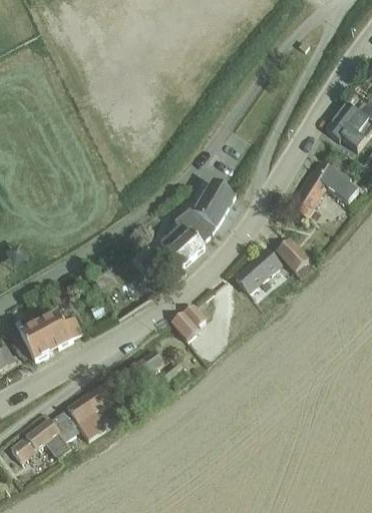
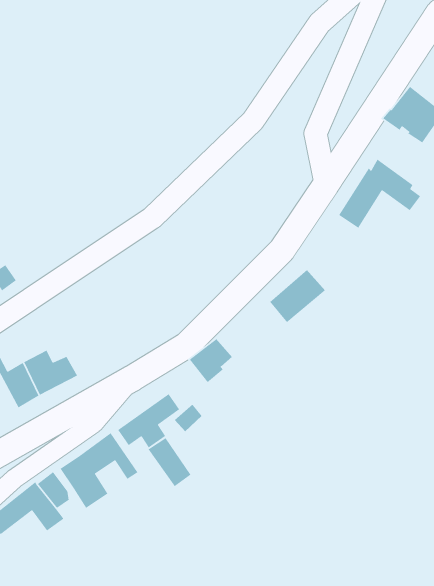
building: [145,181,235,274] -> none
building: [276,238,308,272] -> none
building: none -> [148,437,192,487]

